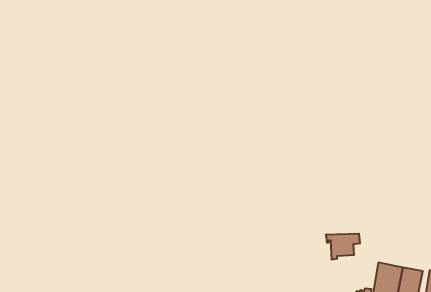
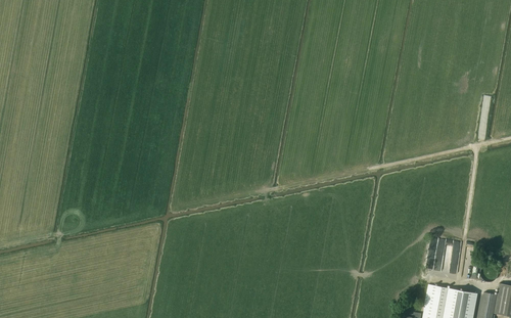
building: [326,234,360,259] -> [430,243,467,271]

